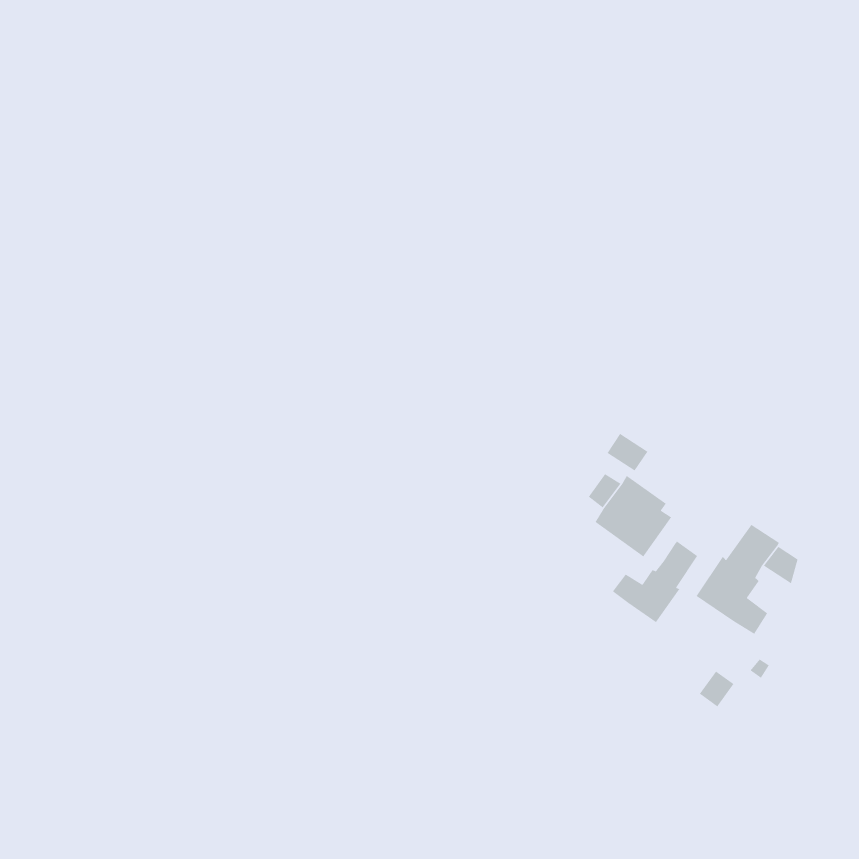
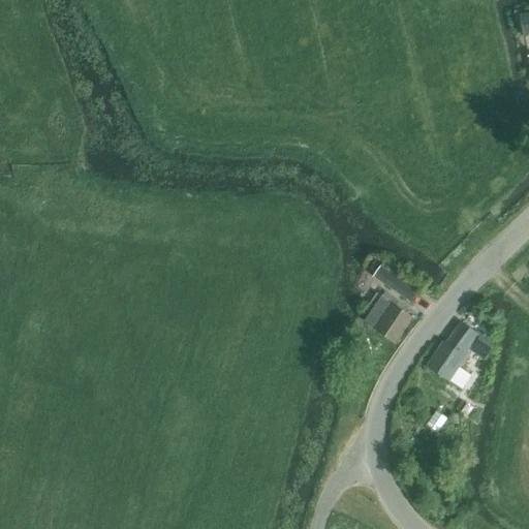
building: [612,540,698,623] -> none

